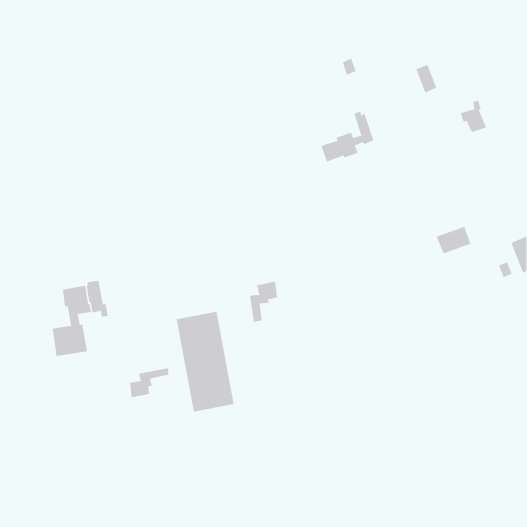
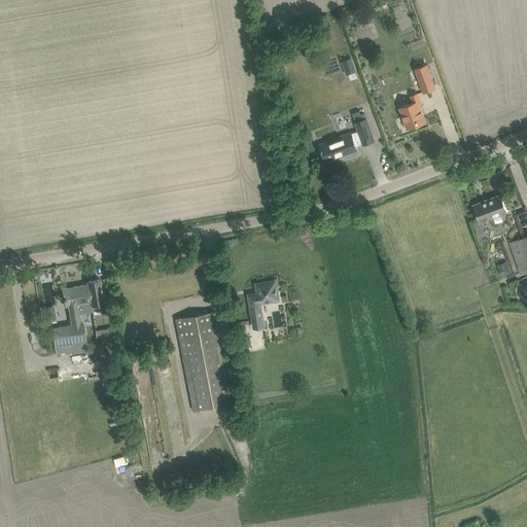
building: [460,100,487,133] -> [398,95,425,128]
building: [436,226,471,254] -> [471,196,506,223]
building: [129,367,169,398] -> none

